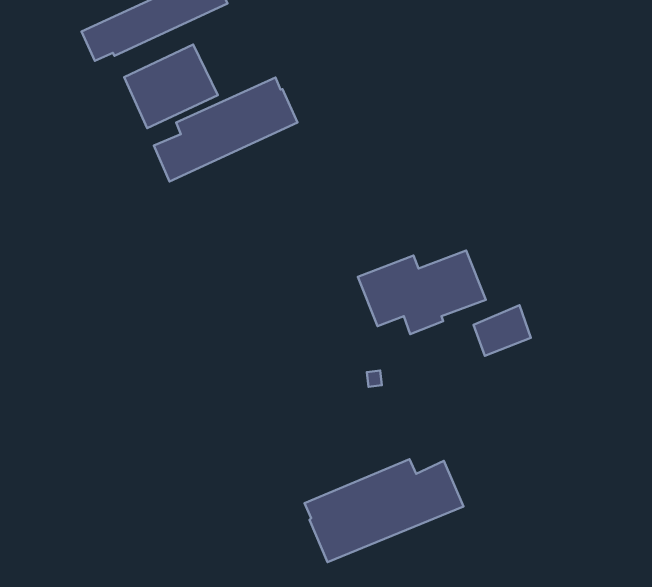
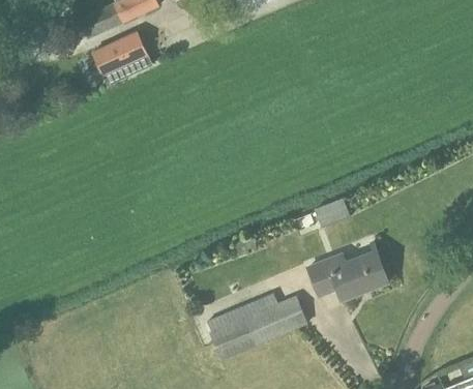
building: [154,78,297,182] -> none
building: [358,251,486,334] -> [307,249,388,302]

